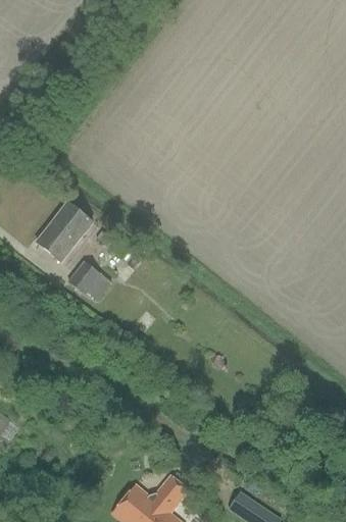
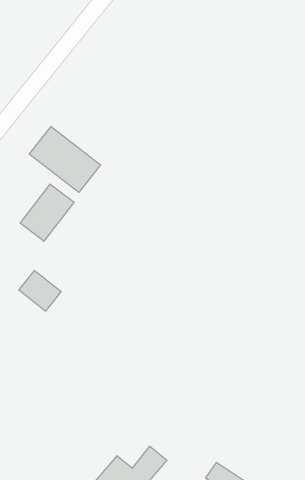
building: none -> [29,126,101,192]
building: [67,260,112,303] -> [19,271,61,311]

